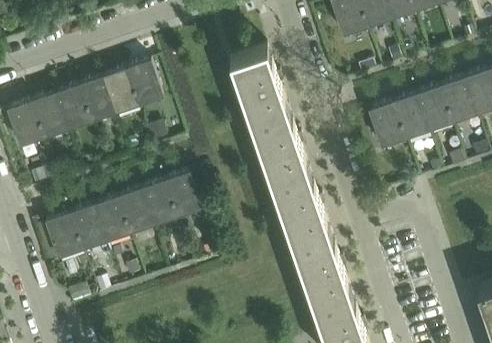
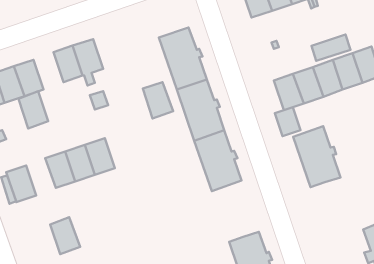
building: none -> [312,35,351,61]
building: [76,78,112,123] -> [18,91,48,129]
building: none -> [275,107,301,136]
building: [162,174,199,218] -> [143,82,173,118]
building: [67,206,103,251] -> [50,217,80,254]
building: [291,233,348,307] -> [293,126,340,187]

